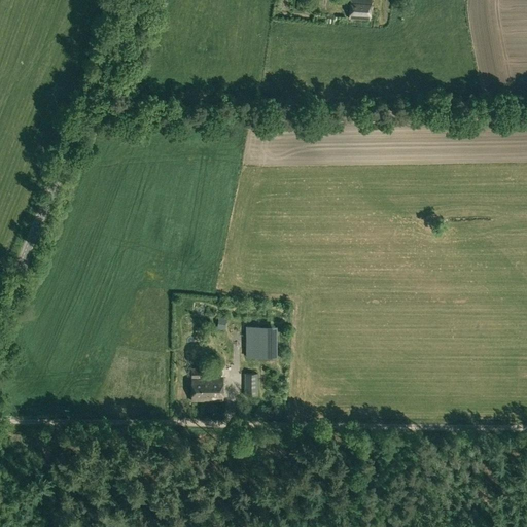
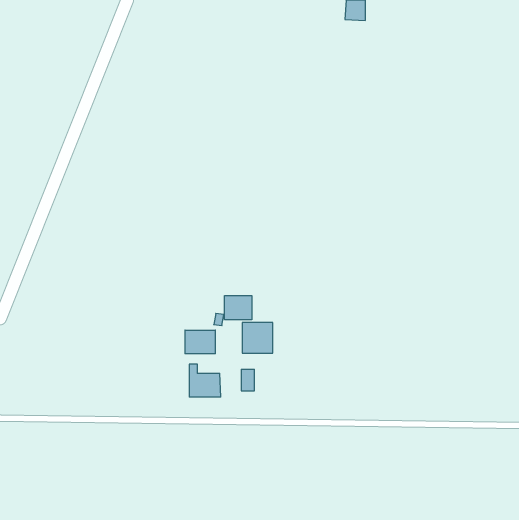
building: none -> [225,296,252,320]
building: none -> [185,330,215,354]

